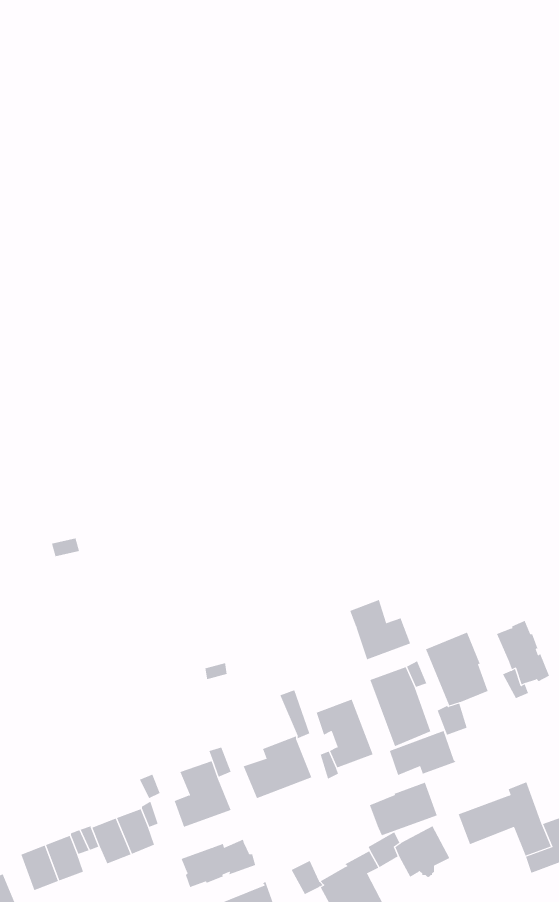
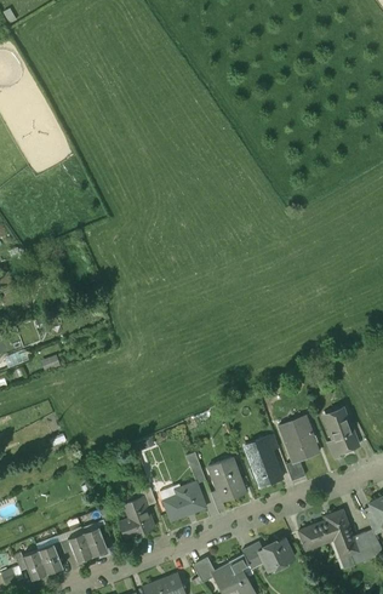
building: [349,599,411,660] -> none
building: [389,730,457,776] -> none
building: [369,782,437,837] -> none
building: [181,839,256,888] -> none

